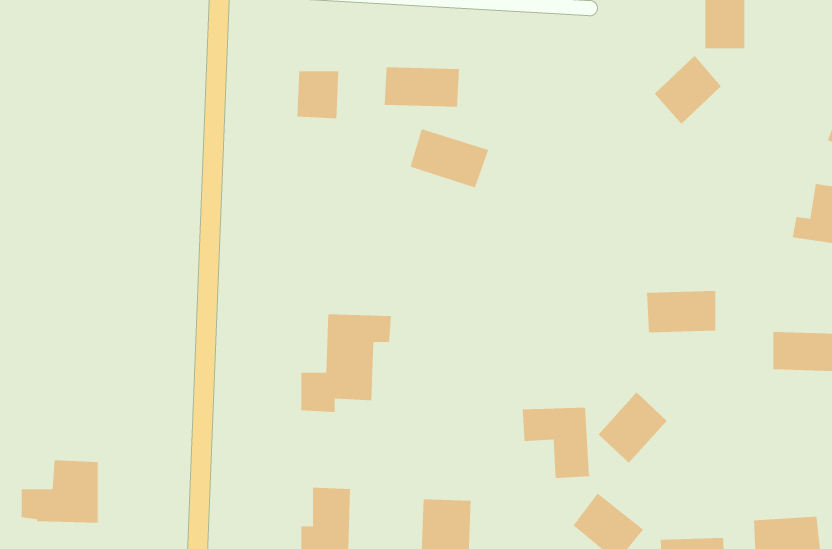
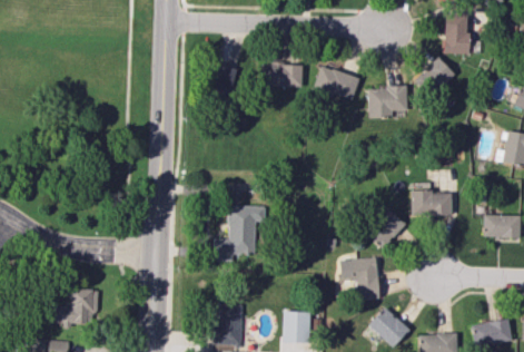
building: none -> [369,87,407,118]
building: [410,128,489,188] -> [315,66,360,100]
building: [598,392,668,464] -> [365,207,405,248]

